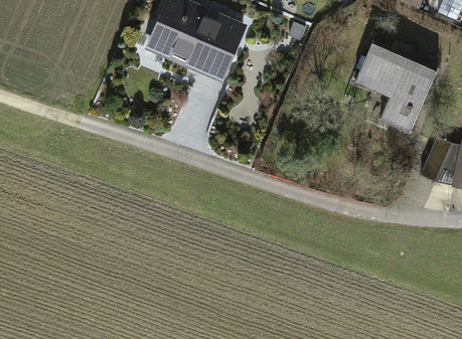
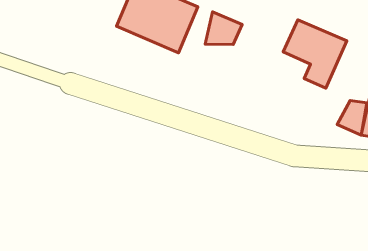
building: none -> [205,12,242,44]

